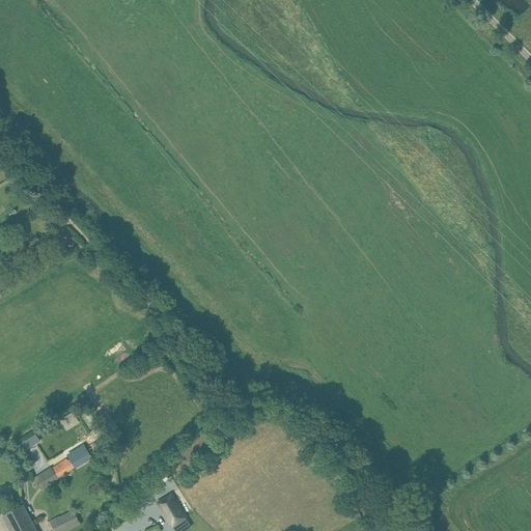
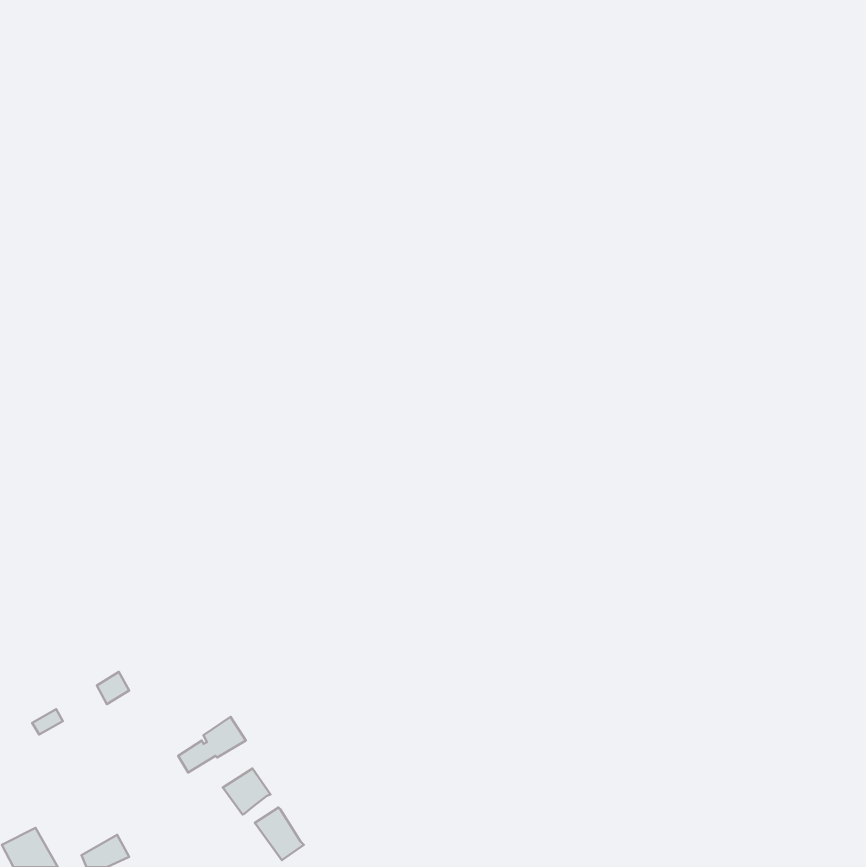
building: [51,445,92,479] -> [178,717,246,773]
building: none -> [223,769,270,814]

